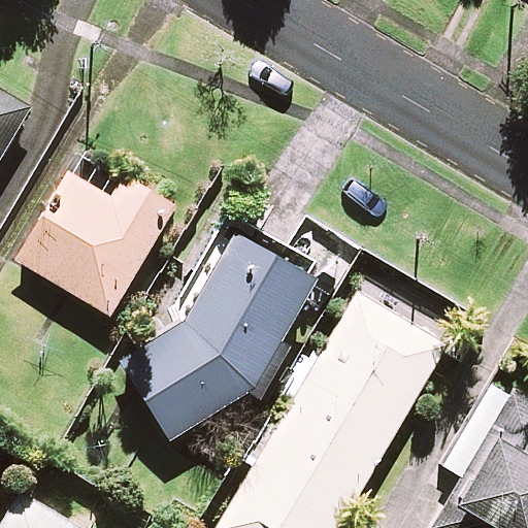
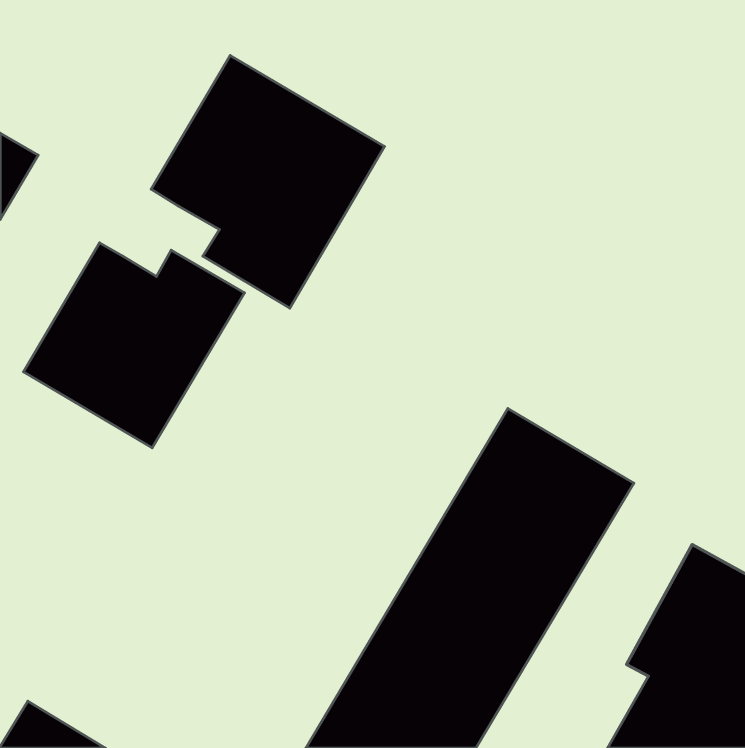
building: none -> [151,55,385,308]
building: [117,232,315,442] -> none

